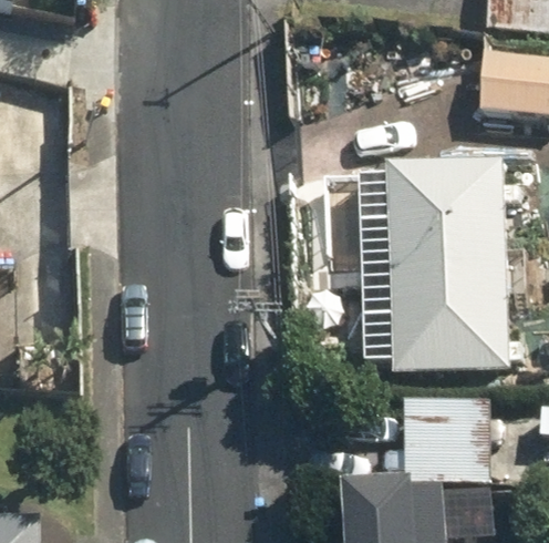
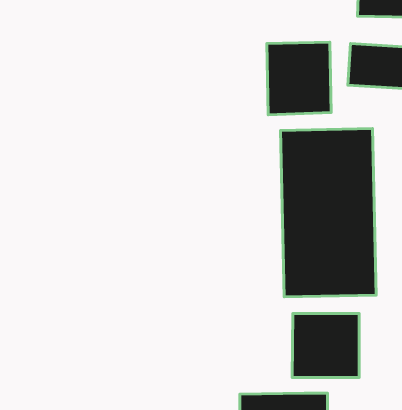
building: none -> [267,42,331,115]

